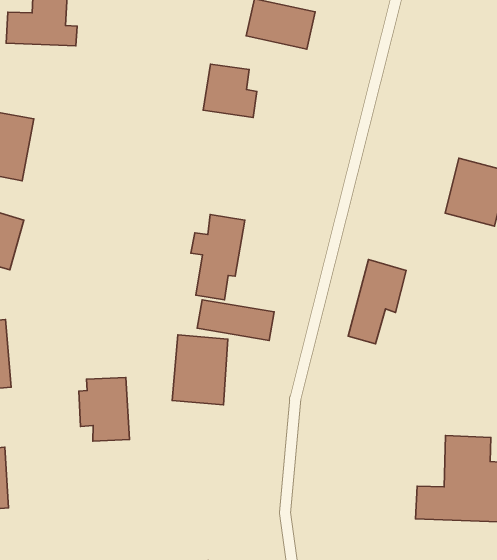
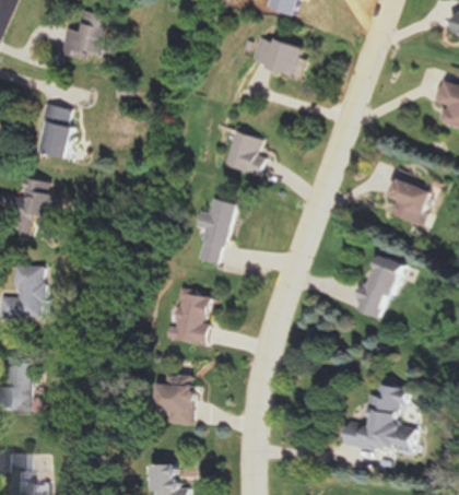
building: [203,64,257,117] -> [221,131,263,175]
building: [348,259,406,344] -> [357,254,407,319]
building: [197,300,274,340] -> none
building: [79,377,130,441] -> [157,375,196,424]

